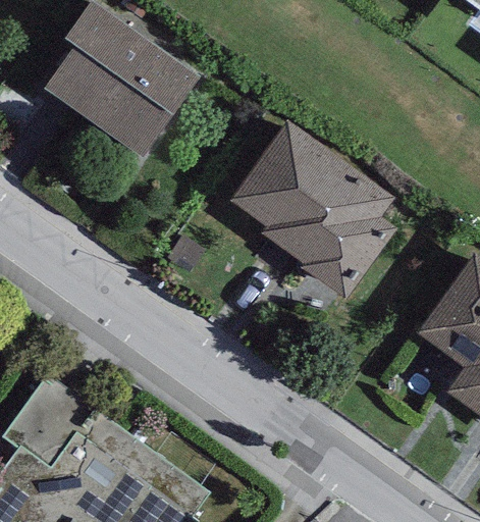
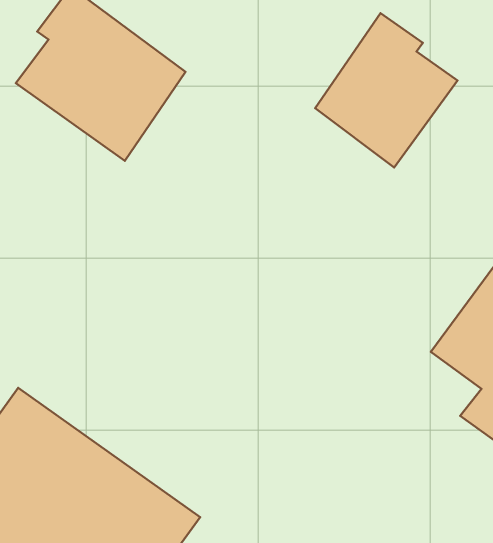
building: none -> [315,13,458,168]
building: [229,121,395,298] -> none

